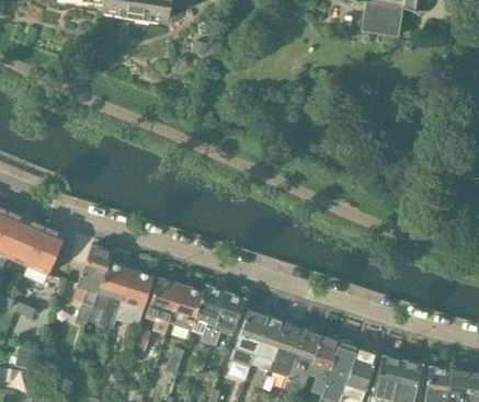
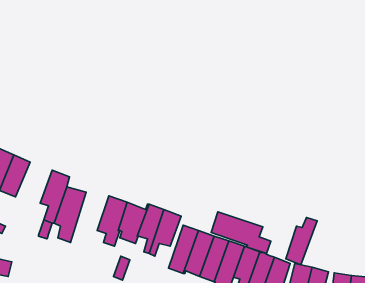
building: [113,269,153,333] -> none
building: none -> [211,212,271,253]
building: none -> [286,217,317,265]

